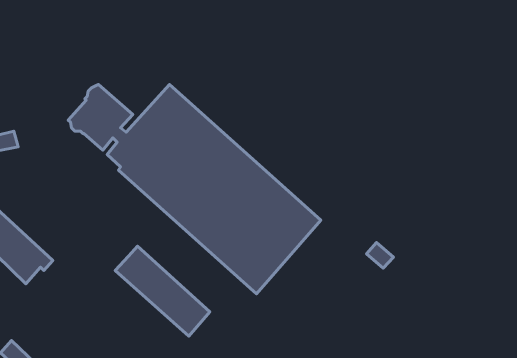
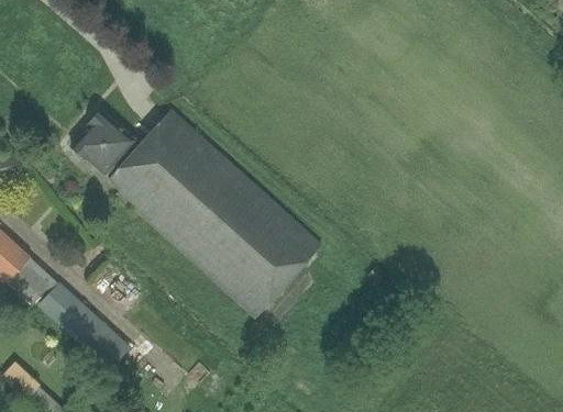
building: [115,246,210,336] -> [34,282,128,371]

